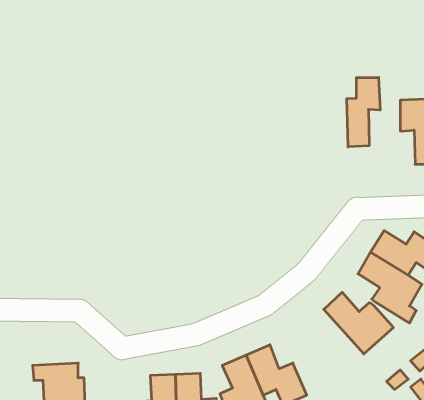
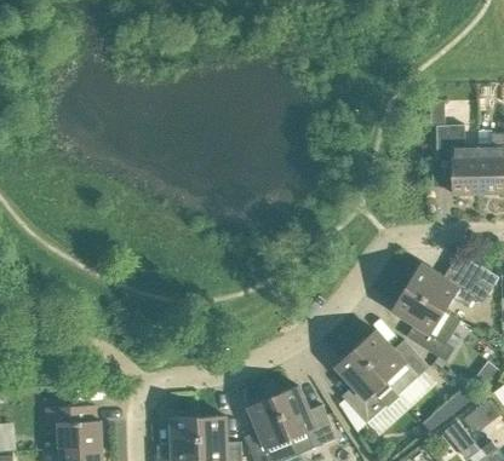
building: [347,77,380,147] -> none
building: none -> [334,347,399,423]

